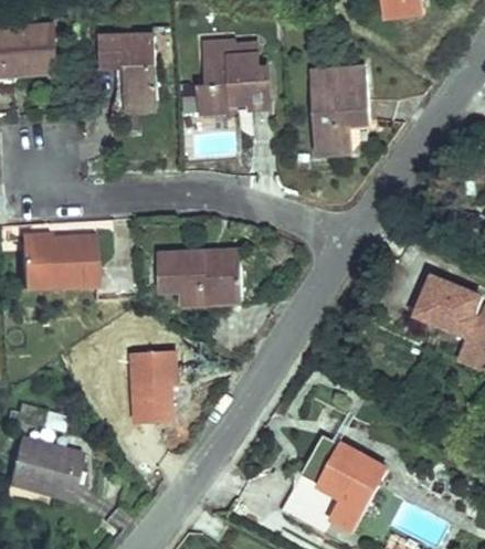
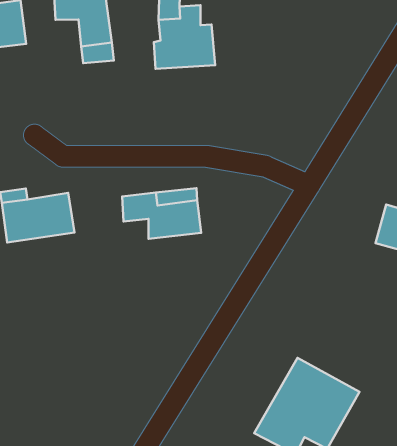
building: [306,59,362,147] -> none
building: [133,359,183,437] -> none
building: [10,445,86,507] -> none

